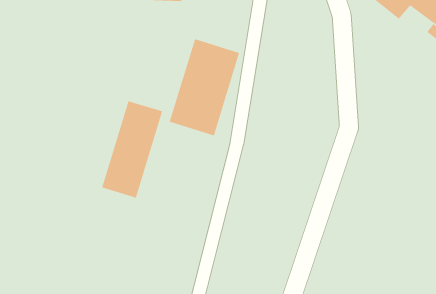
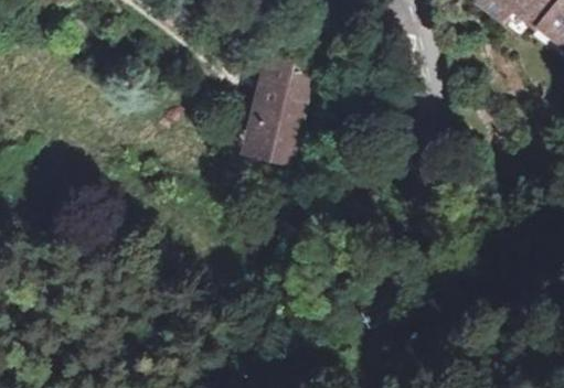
building: [101,100,163,198] -> none

